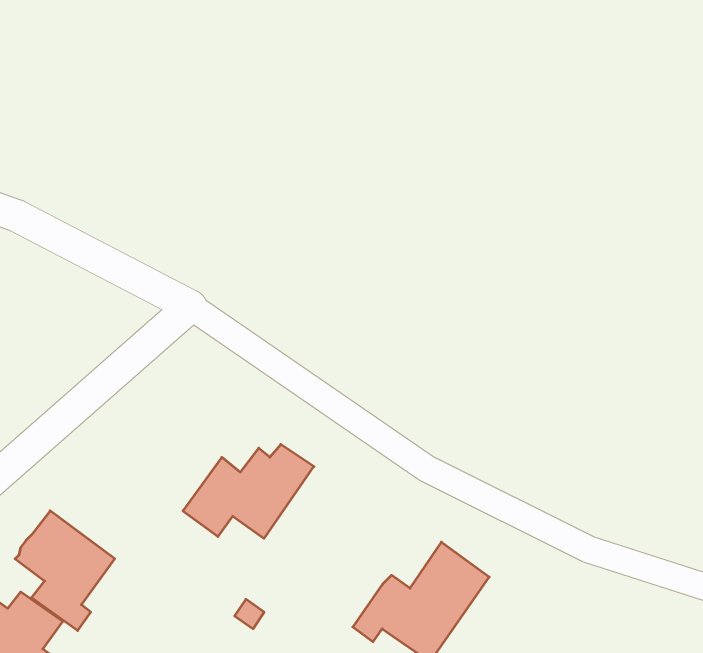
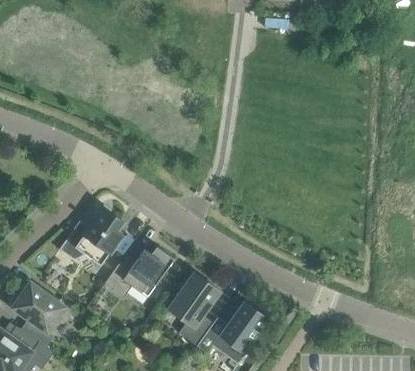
building: none -> [58,210,122,271]
building: none -> [169,272,220,345]

